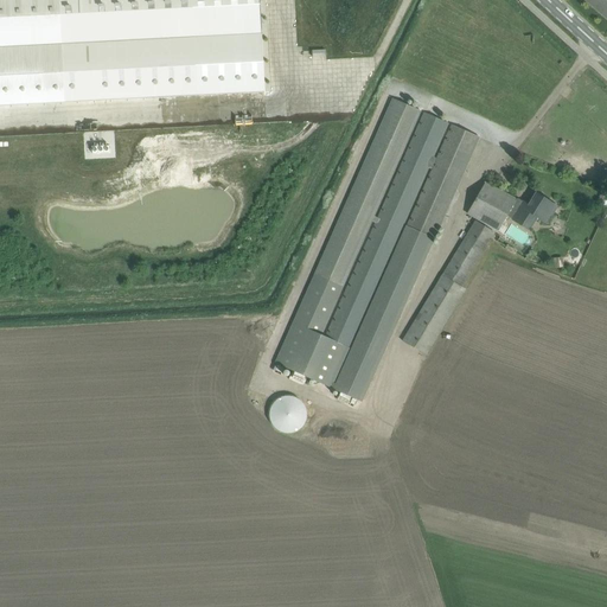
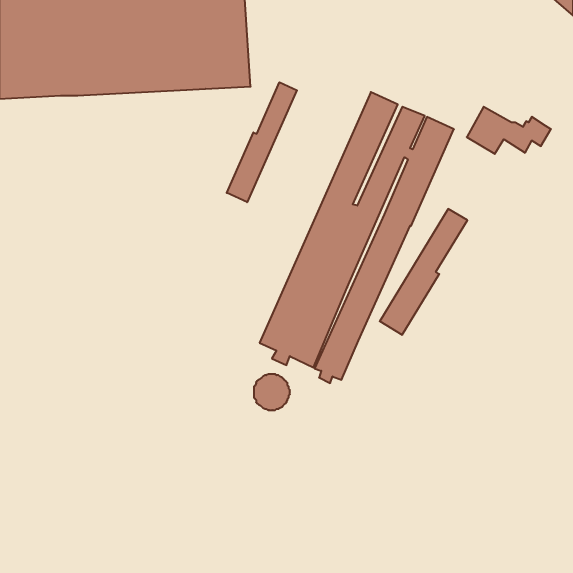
building: none -> [227,82,297,202]
building: [467,181,556,231] -> [467,107,551,154]

